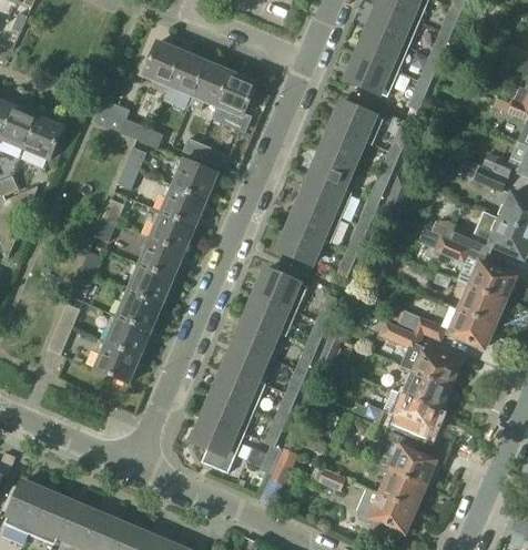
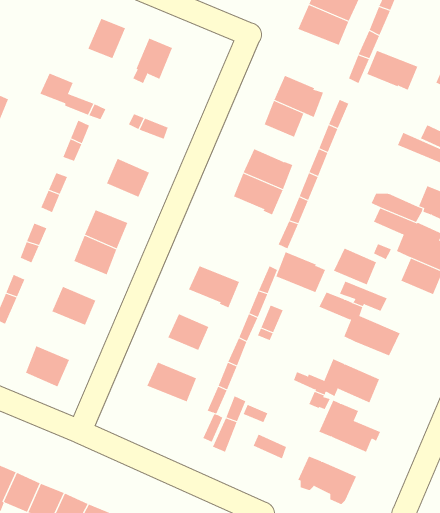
building: [167,53,204,94] -> none
building: [345,54,397,95] -> [367,50,418,90]
building: [215,73,264,115] -> none
building: [311,151,352,189] -> none
building: [172,159,216,200] -> none
building: [150,211,194,251] -> none
building: [278,224,321,265] -> none
building: [255,268,306,310] -> [275,251,326,293]
building: [116,289,162,329] -> none
building: [448,309,493,347] -> [333,248,377,285]
building: [234,318,276,356] -> none
building: [94,340,140,383] -> [25,346,70,387]
building: [213,367,264,408] -> none
building: [403,371,448,409] -> none
building: [192,416,243,471] -> none
building: [379,468,425,508] -> none

